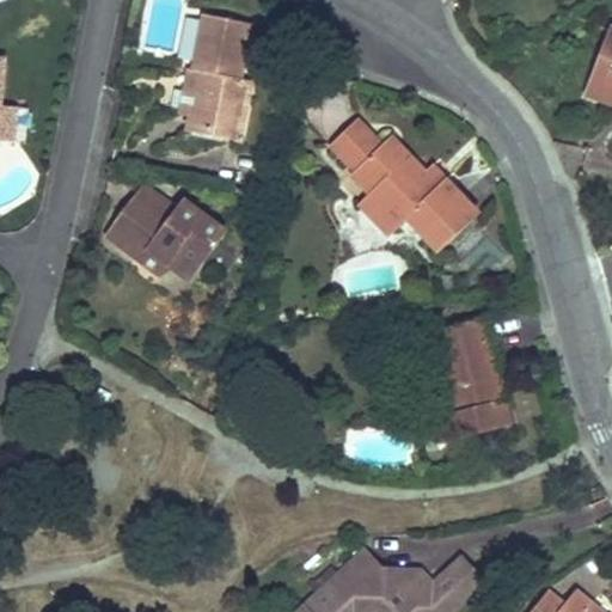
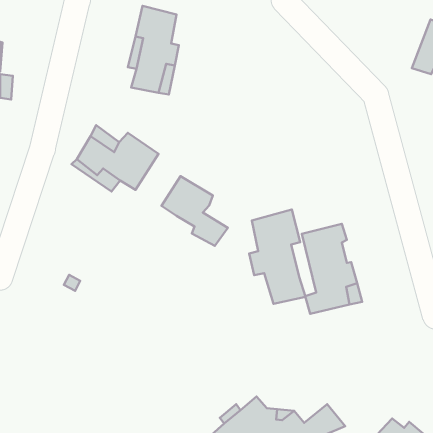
building: [329,121,477,250] -> none
building: none -> [162,176,228,246]
building: none -> [249,210,305,304]

